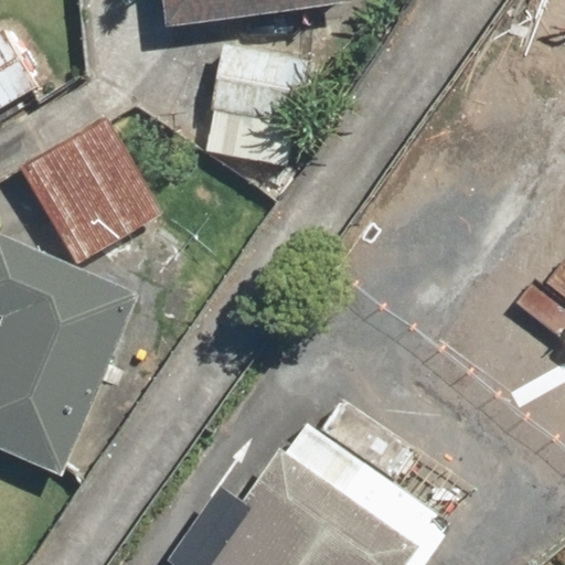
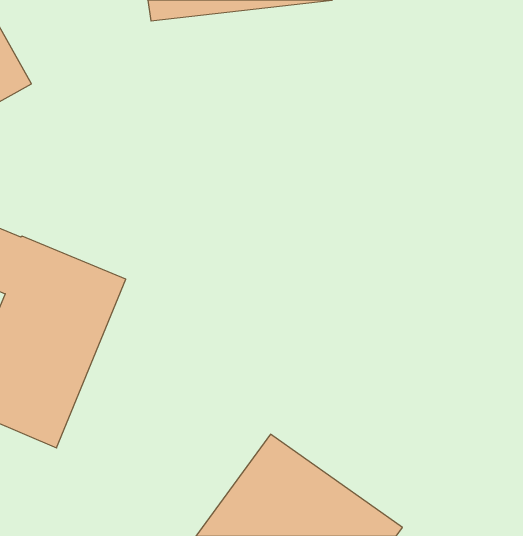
building: [211,45,305,160] -> none
building: [26,122,158,255] -> none

